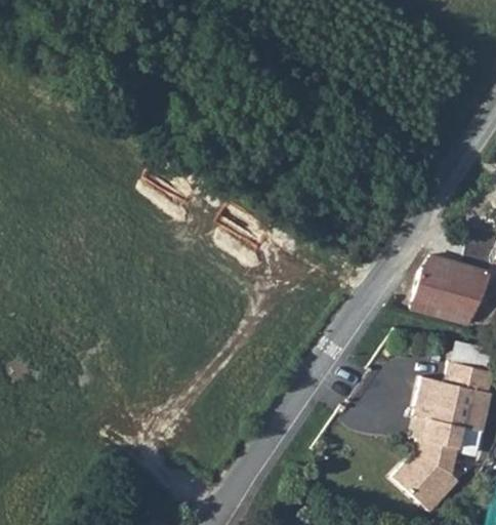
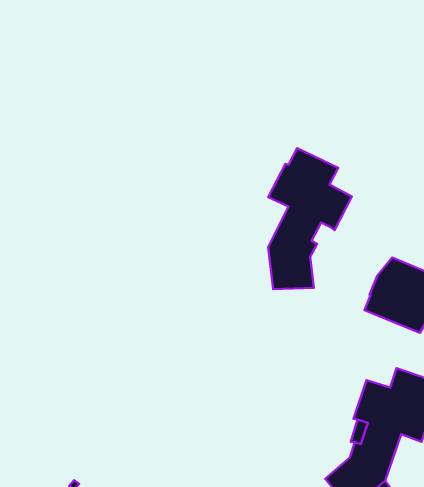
building: none -> [268,148,352,289]

